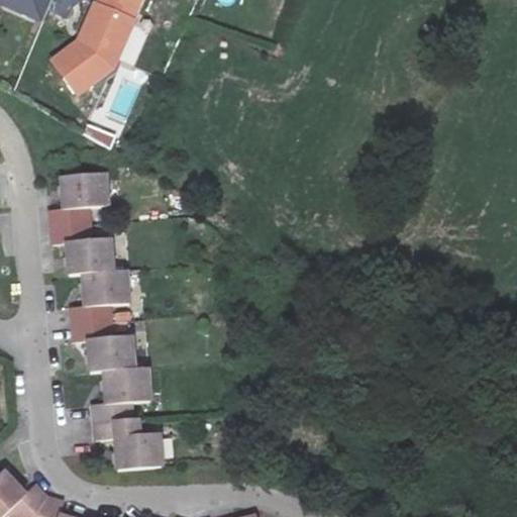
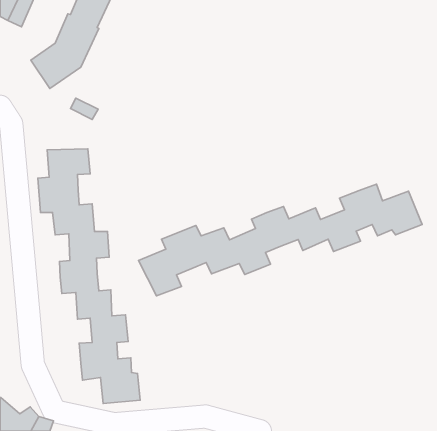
building: none -> [138,184,422,296]

